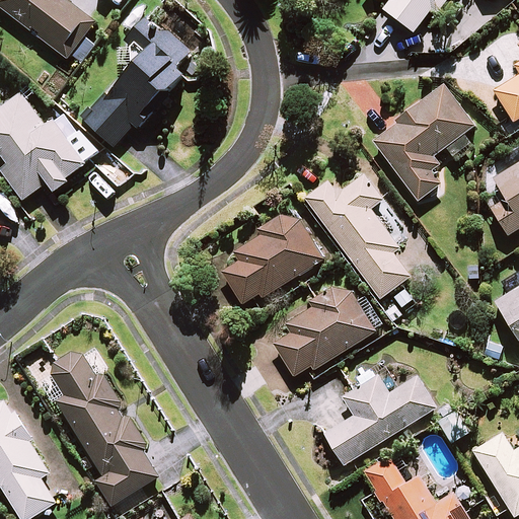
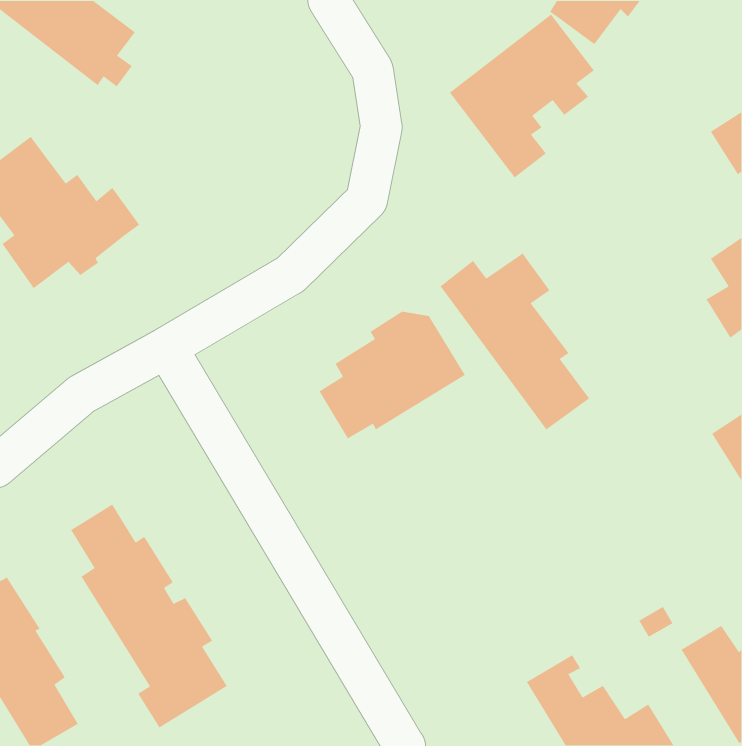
building: [86,20,197,146] -> none
building: [372,86,473,201] -> [449,14,595,178]
building: [273,286,381,376] -> none
building: [324,367,435,464] -> none

